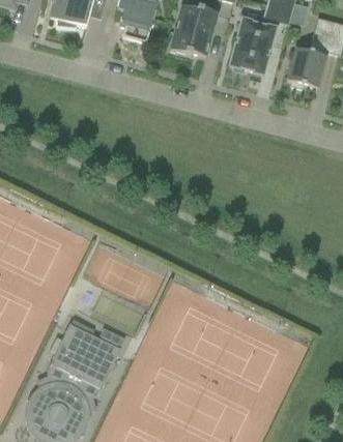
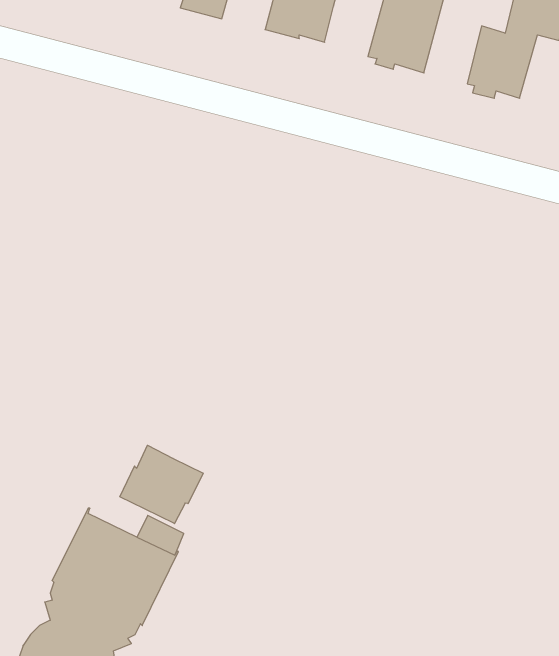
building: none -> [120,445,203,524]

